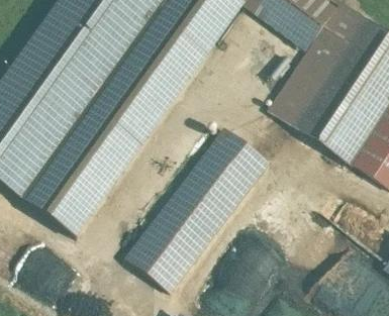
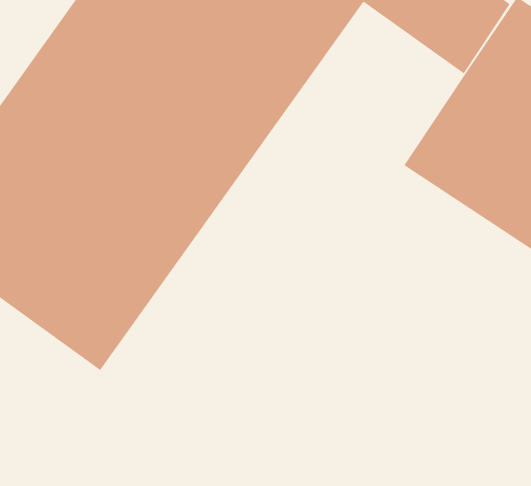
building: [125,128,264,288] -> none

